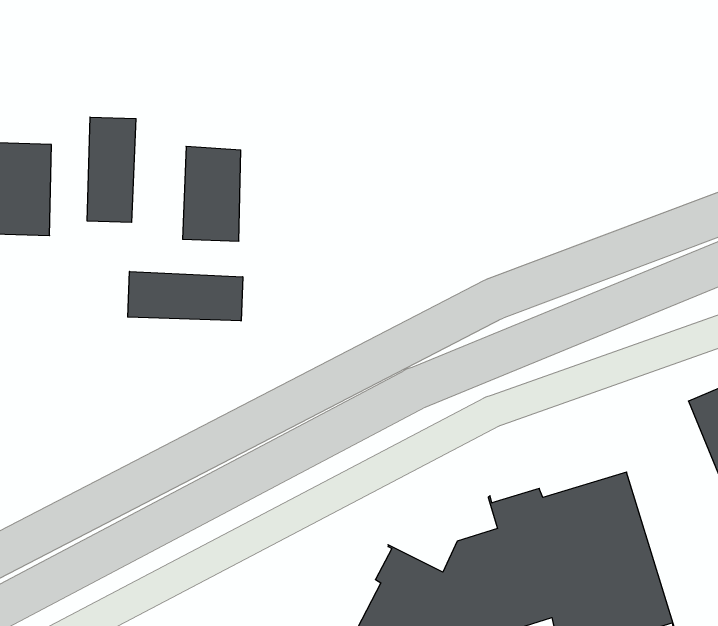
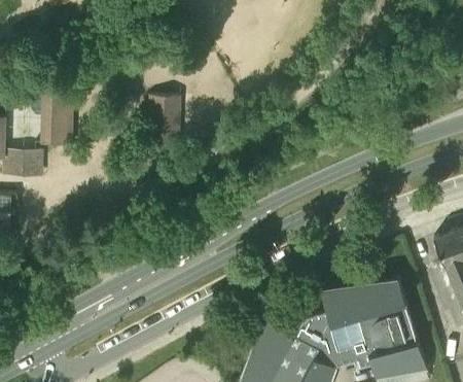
building: [87,117,136,222] -> none
building: [128,271,243,321] -> none

